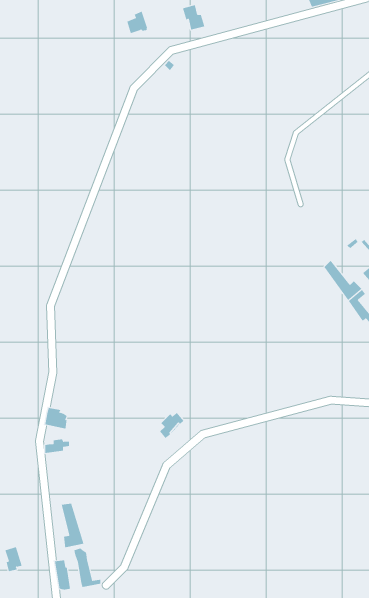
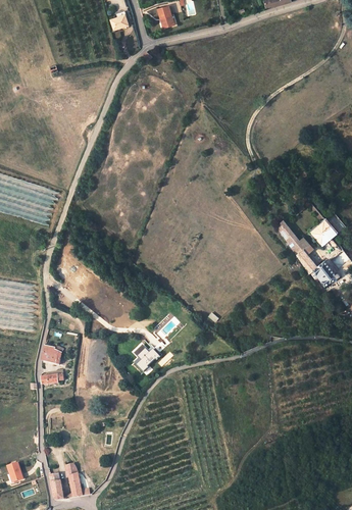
building: [61,503,84,548] -> none

